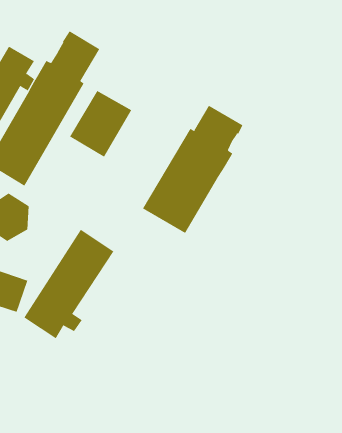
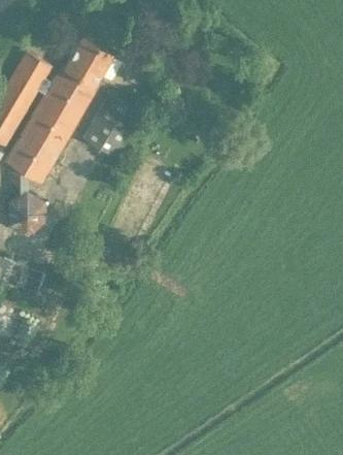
building: [142,105,243,234] -> none
building: [23,229,114,339] -> none

